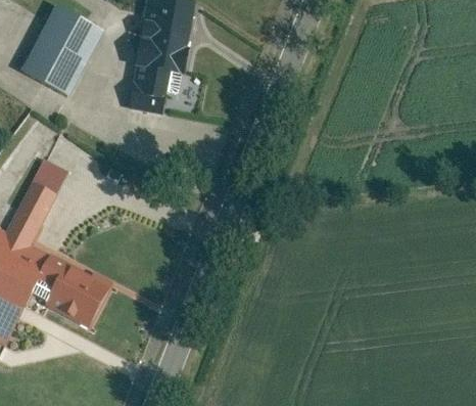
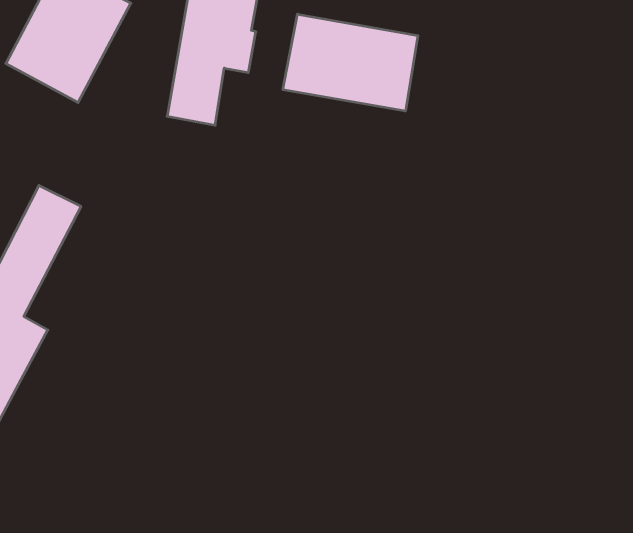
building: none -> [283,14,418,111]
building: [28,253,114,329] -> none

